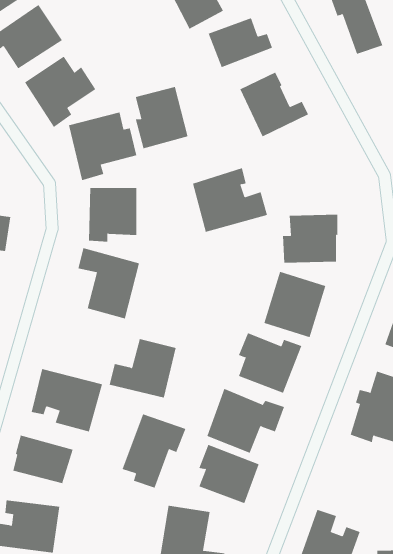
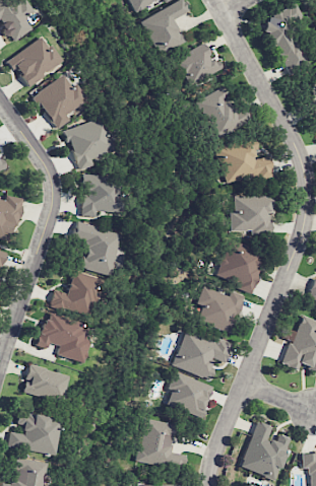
building: [135,86,188,149] -> none
building: [192,167,268,233] -> [216,137,274,187]
building: [109,338,177,398] -> [50,271,102,317]
building: [122,413,186,489] -> none

